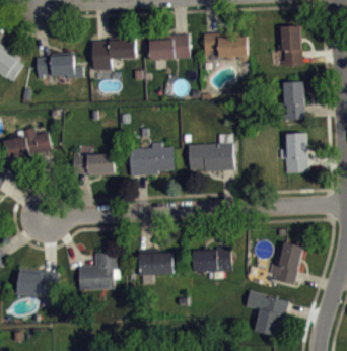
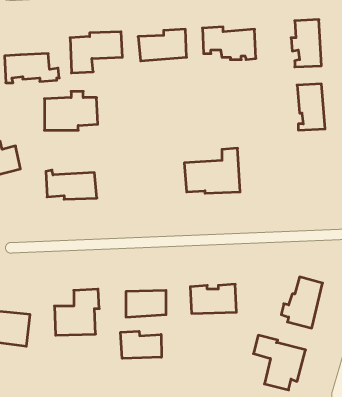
building: [279,133,307,173] -> none
building: [129,143,174,176] -> [44,91,98,130]
building: none -> [121,331,161,358]

